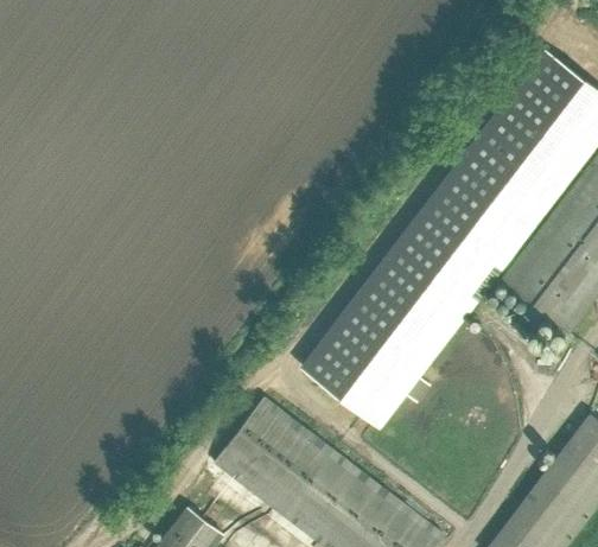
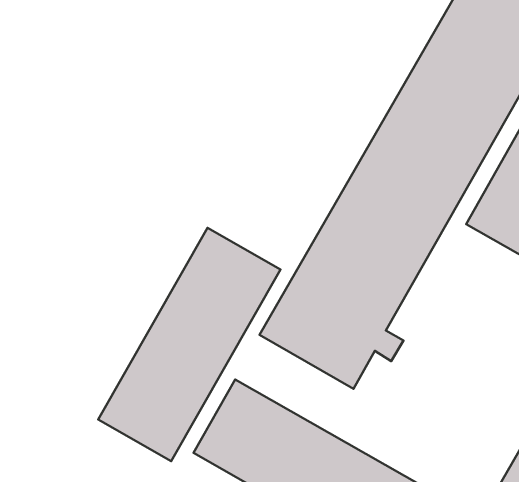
building: none -> [98,228,280,461]

